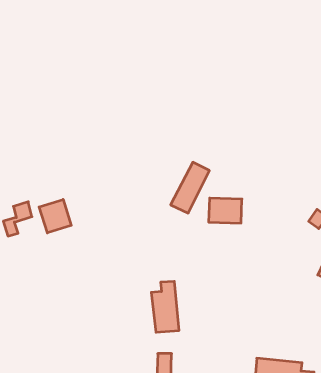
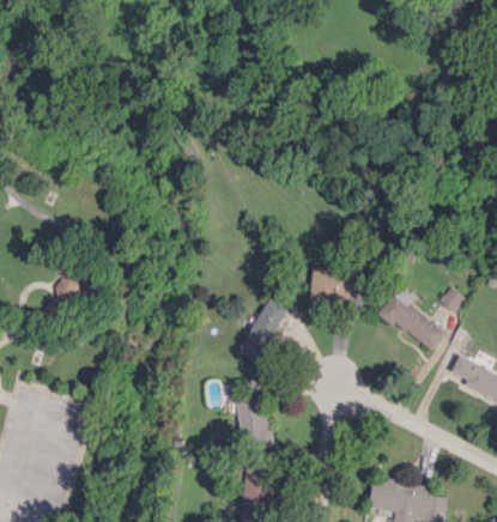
building: [171,162,209,213] -> [238,298,289,364]
building: [39,199,71,233] -> none
building: none -> [380,287,447,353]

